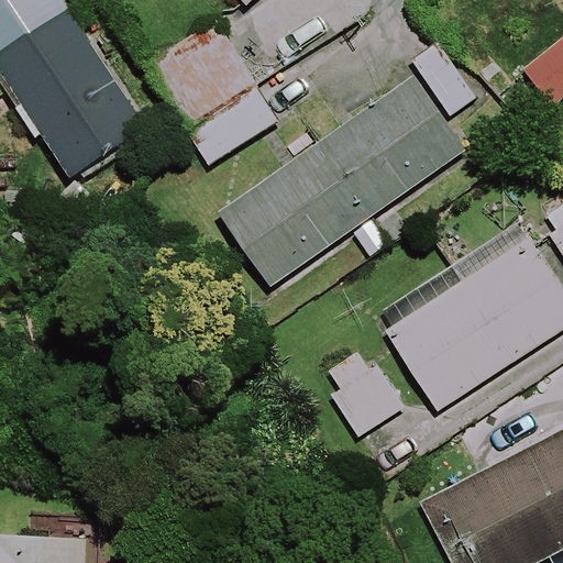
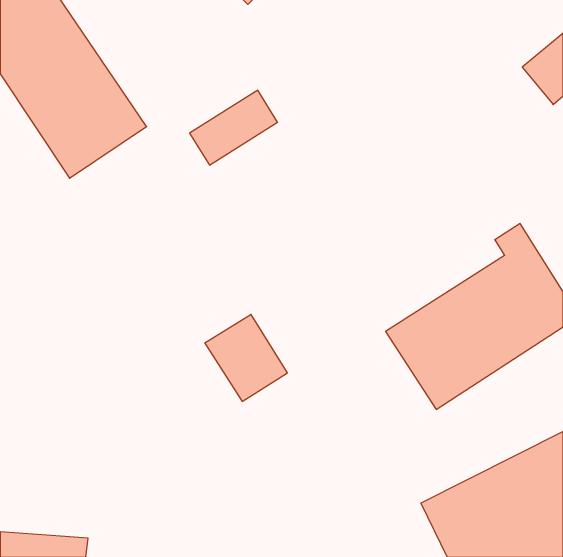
building: [220,43,474,286] -> none
building: [320,349,402,435] -> [205,314,287,401]

